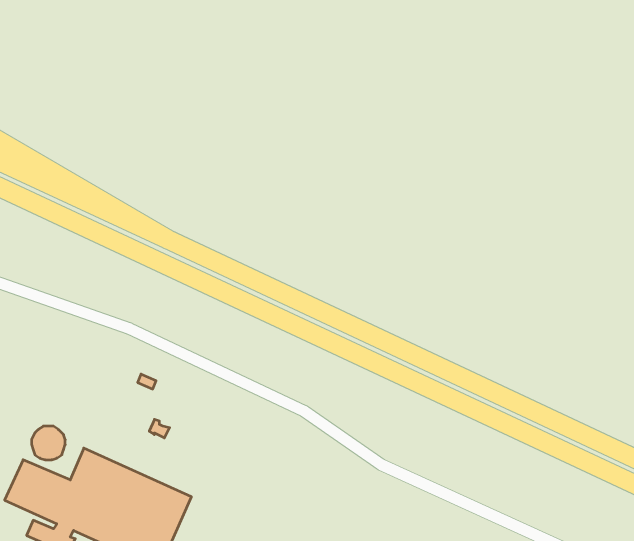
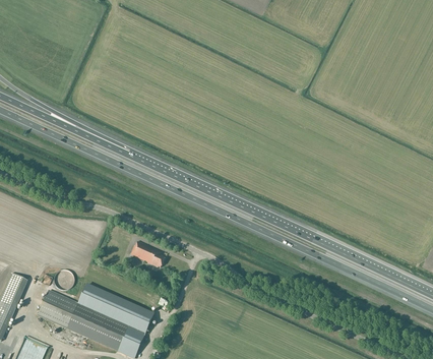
building: none -> [130,240,166,266]

